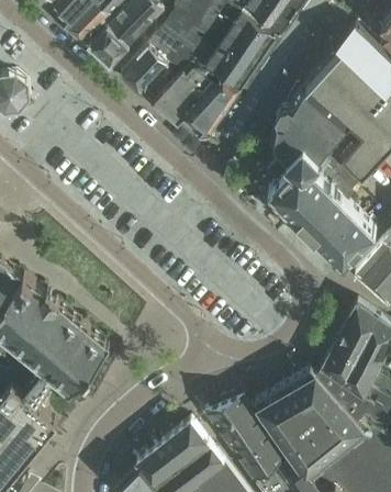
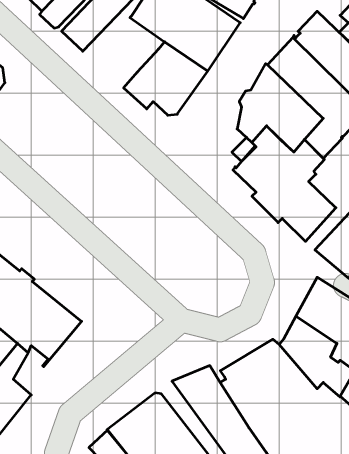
building: [121,31,197,92] -> none

